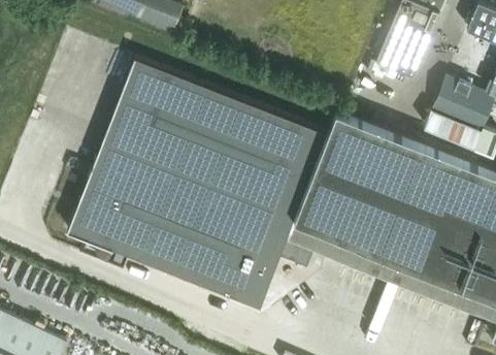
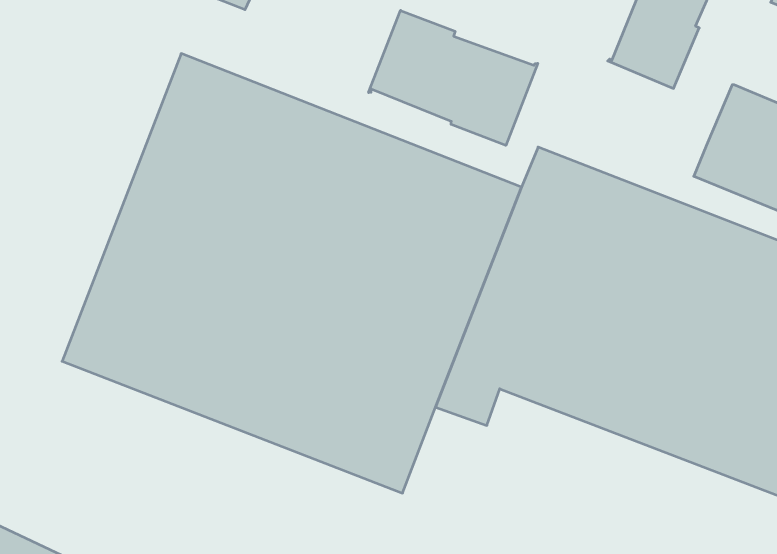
building: none -> [369,10,538,145]

